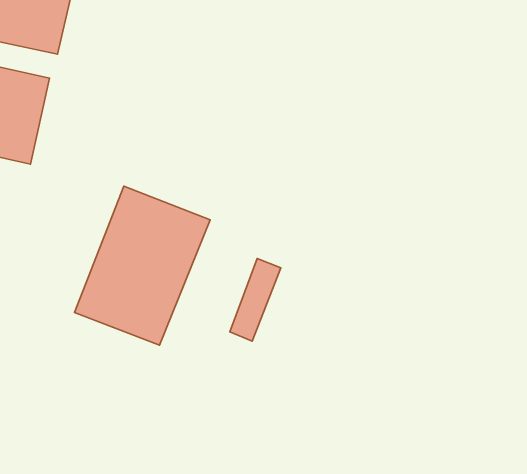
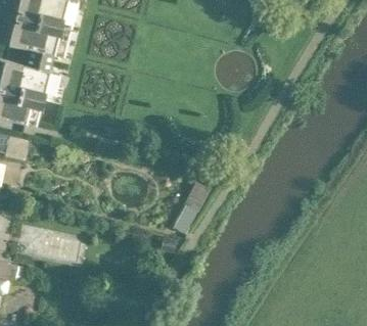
building: [74,186,210,345] -> none

